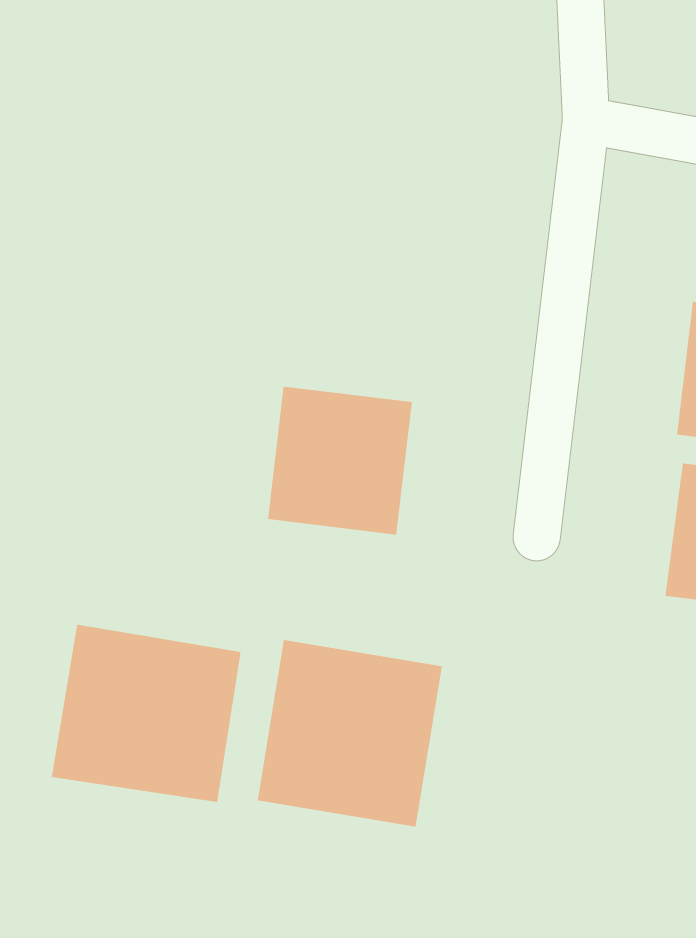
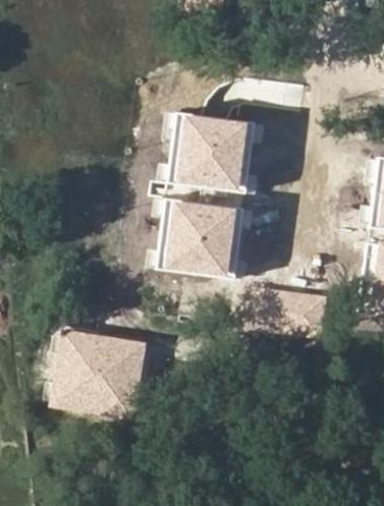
building: none -> [171,114,248,190]
building: [257,639,443,828] -> none

